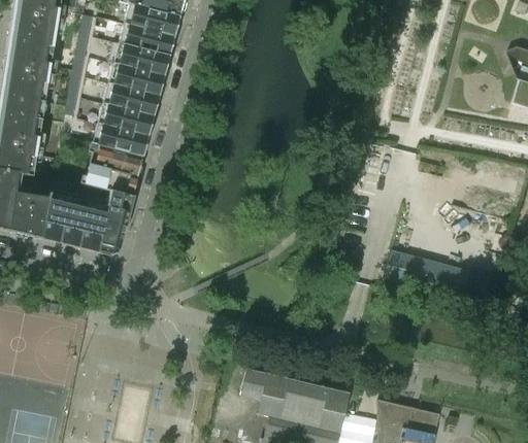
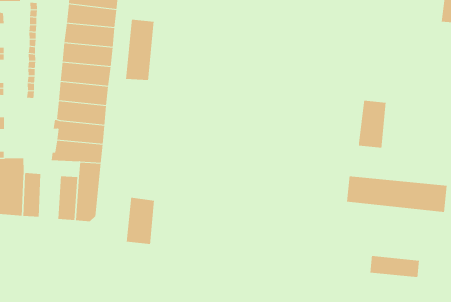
building: none -> [125,19,154,81]
building: none -> [358,100,386,149]
building: [58,196,87,246] -> none
building: none -> [126,197,155,245]
building: none -> [370,255,420,278]

